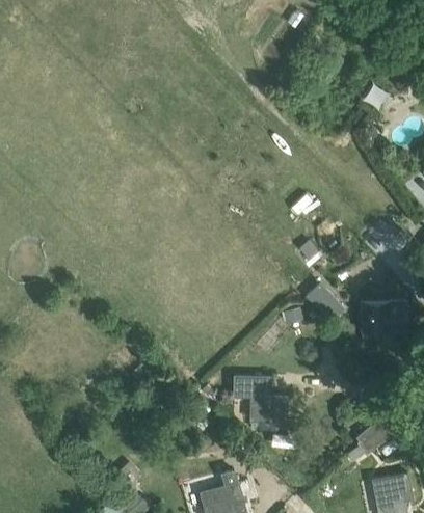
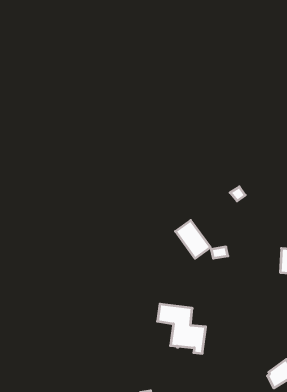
building: [307,282,346,323] -> [175,220,210,258]

